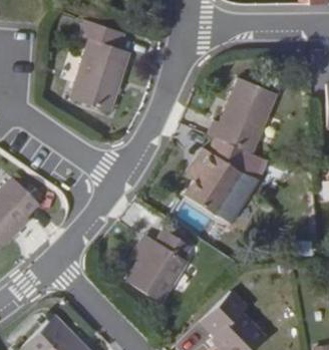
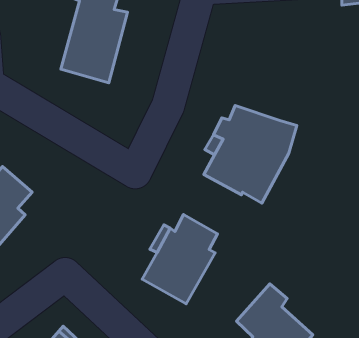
building: [205,75,275,151] -> none

